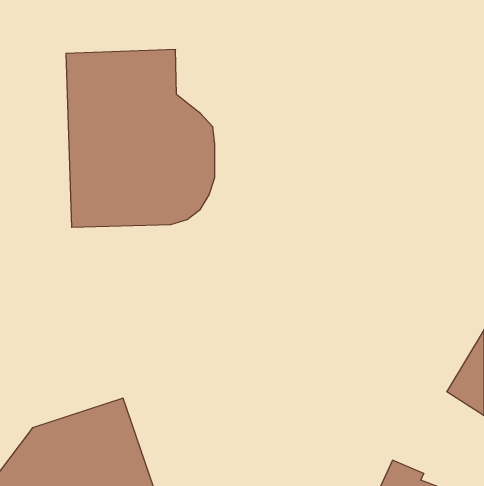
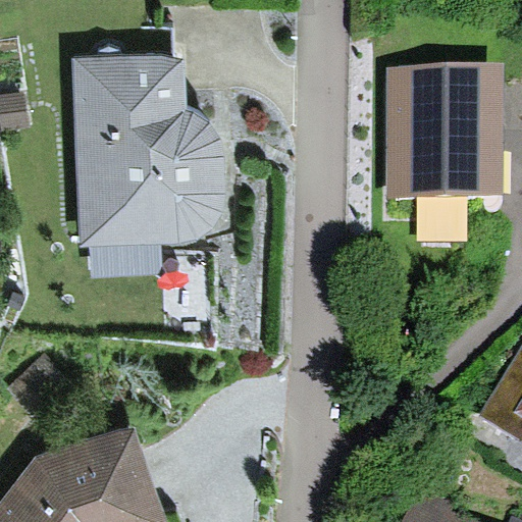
building: none -> [389,68,504,196]

